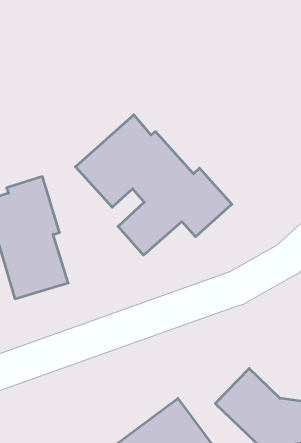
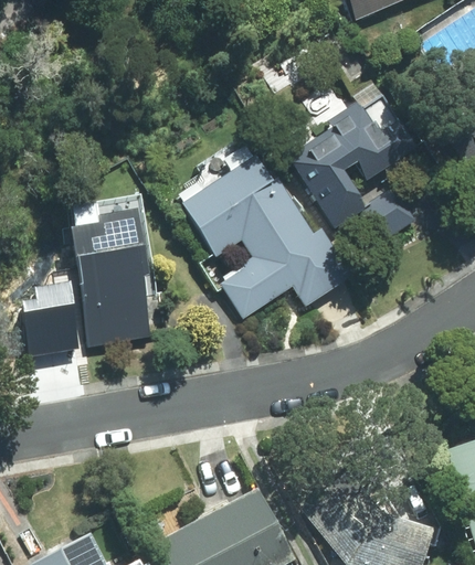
building: none -> [288,102,419,244]

